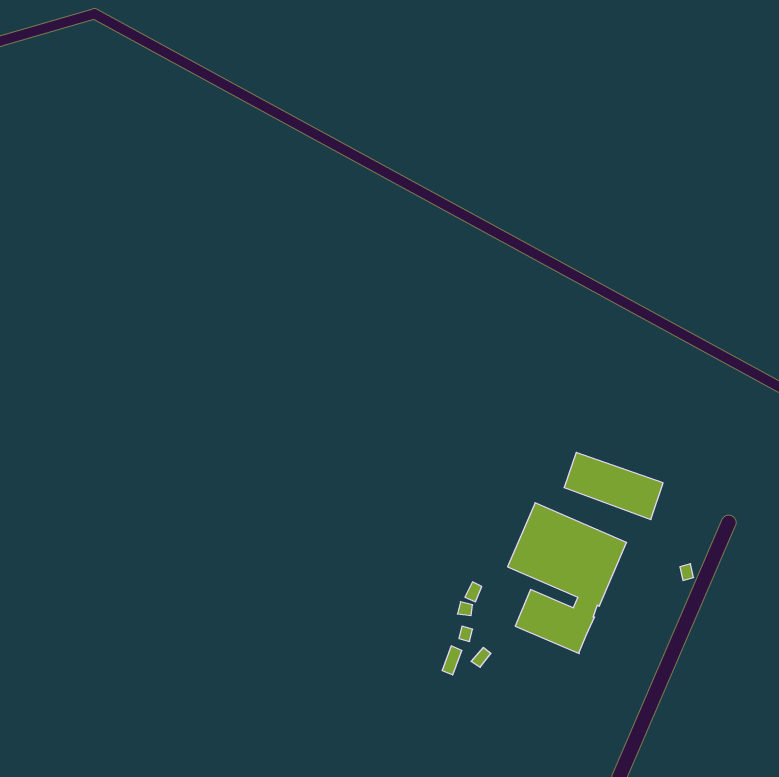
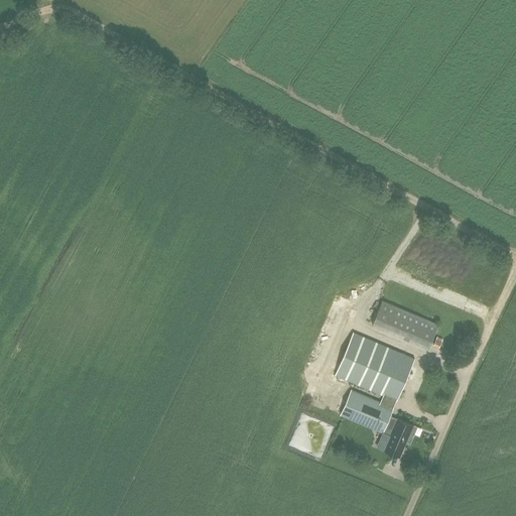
building: none -> [383,420,415,458]

